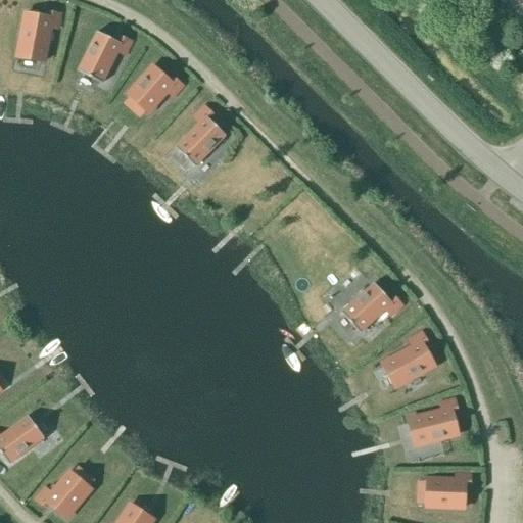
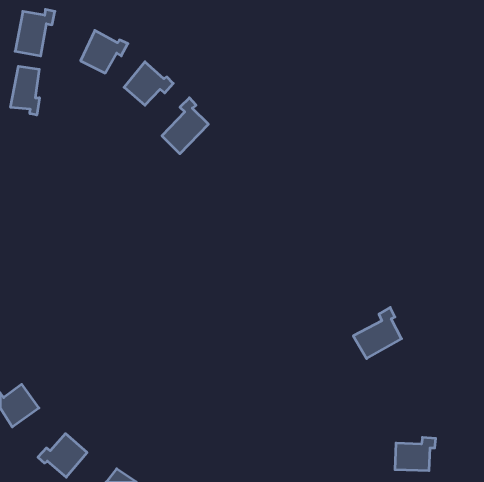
building: none -> [11,66,39,115]
building: [340,281,400,332] -> none
building: [416,396,457,441] -> none

